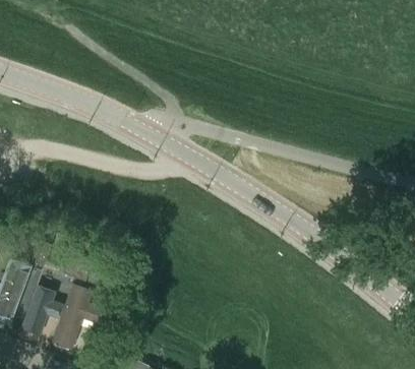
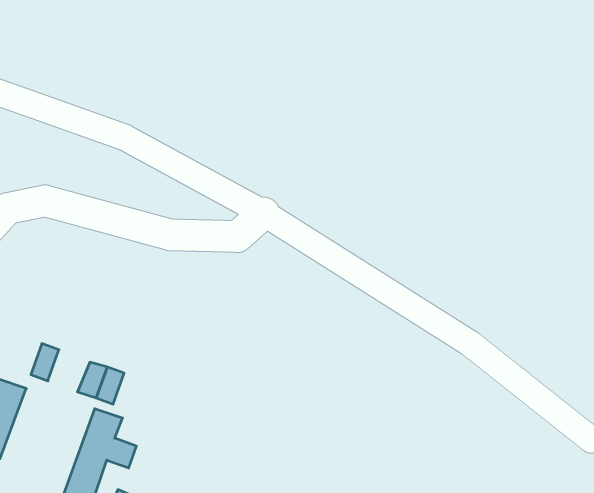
building: [20,285,55,334] -> none

